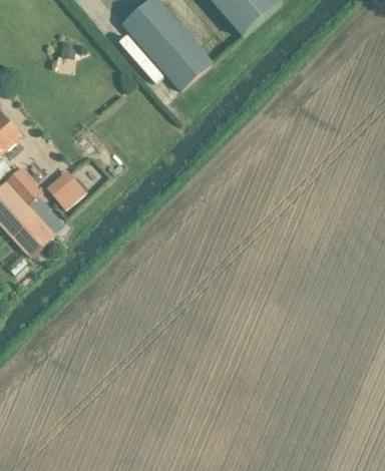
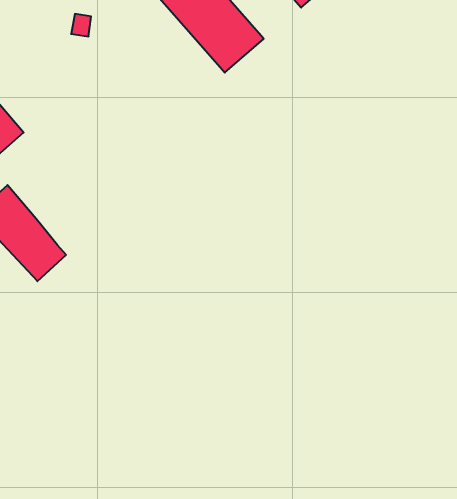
building: [6,166,57,234] -> none
building: [46,168,86,209] -> none

